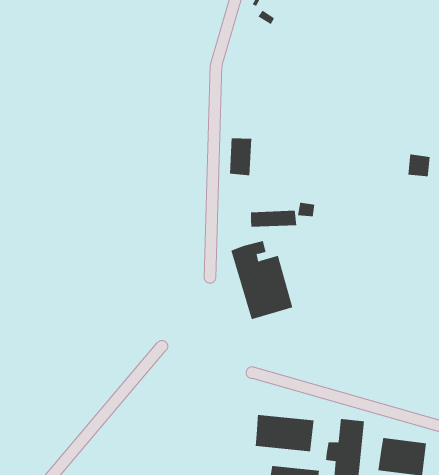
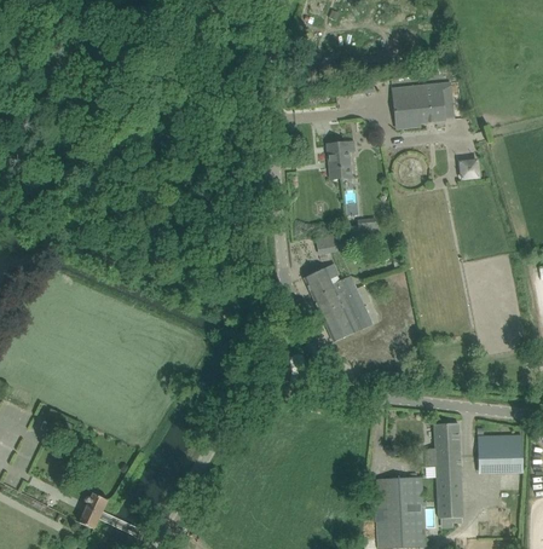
building: none -> [392,82,455,125]
building: [229,138,252,176] -> [327,141,351,179]
building: [255,414,314,452] -> none

